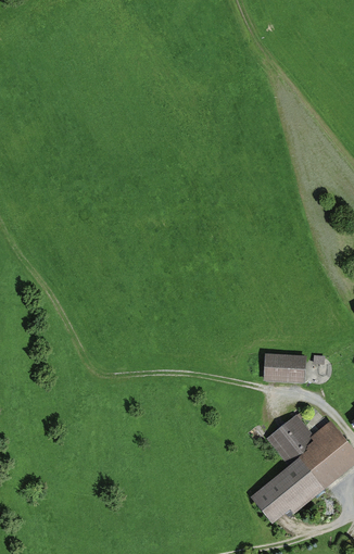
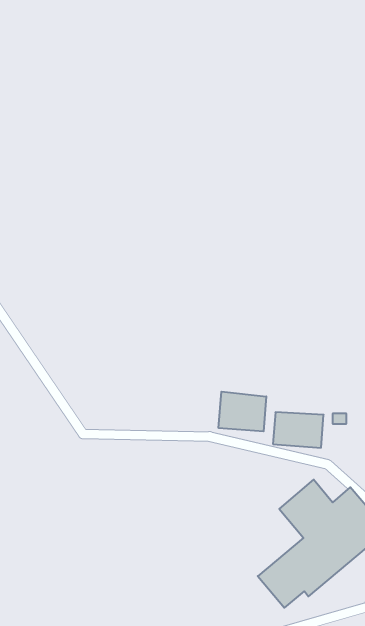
building: none -> [219,392,266,431]

